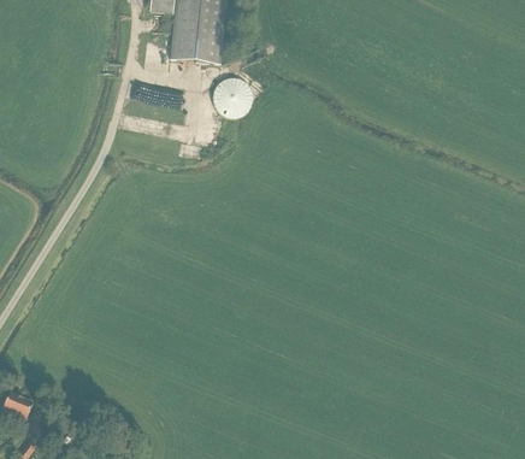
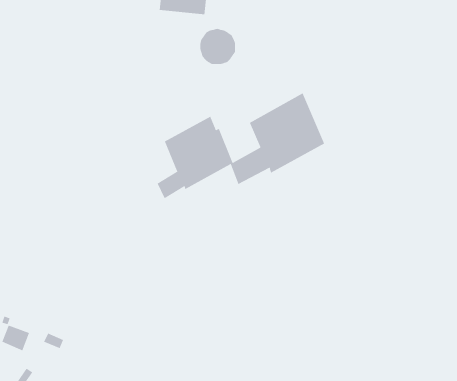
building: none -> [157,93,325,199]

